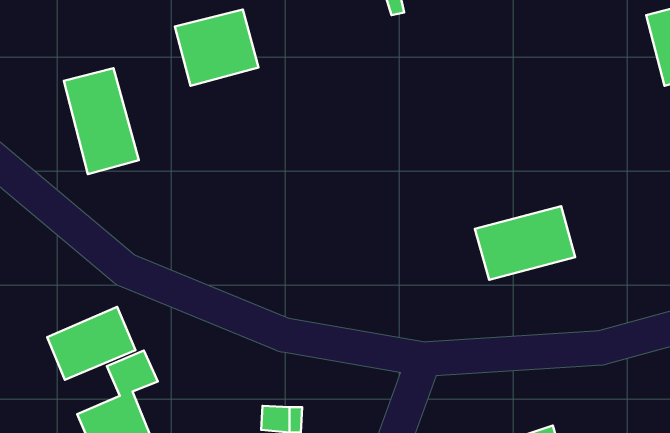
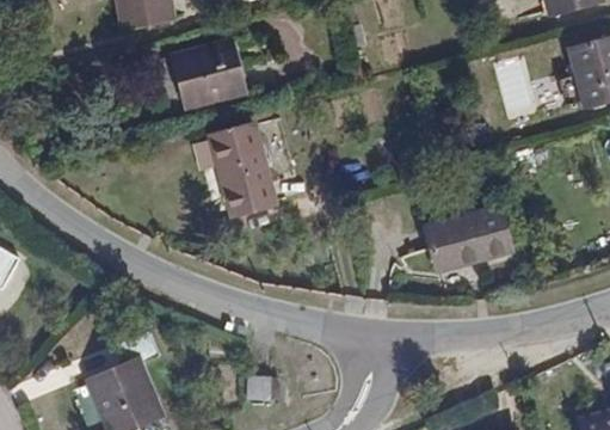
building: [64,68,139,174] -> [211,124,275,214]
building: [47,307,135,380] -> none

